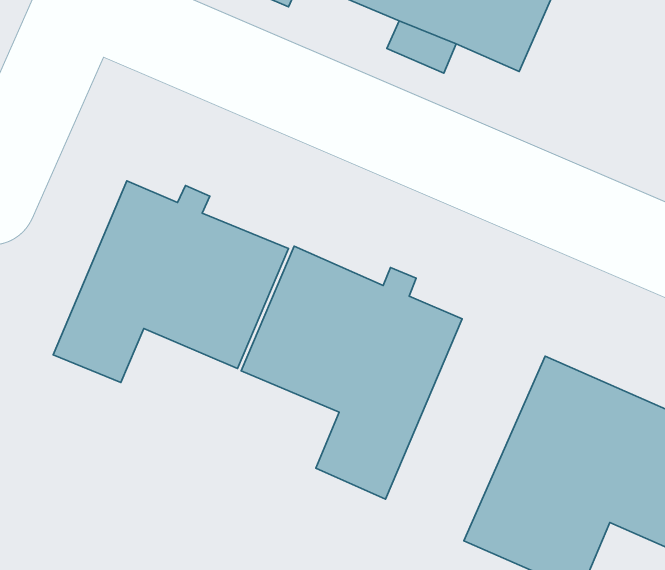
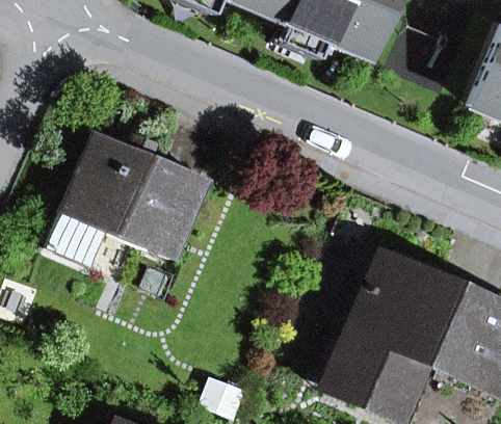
building: [241,246,462,499] -> none

